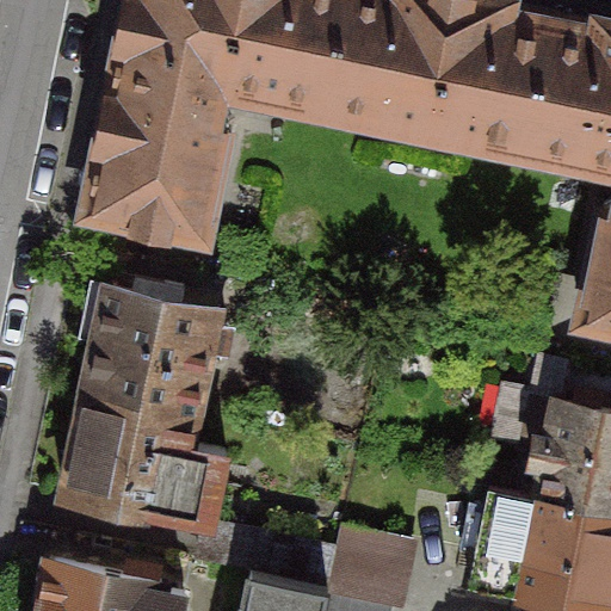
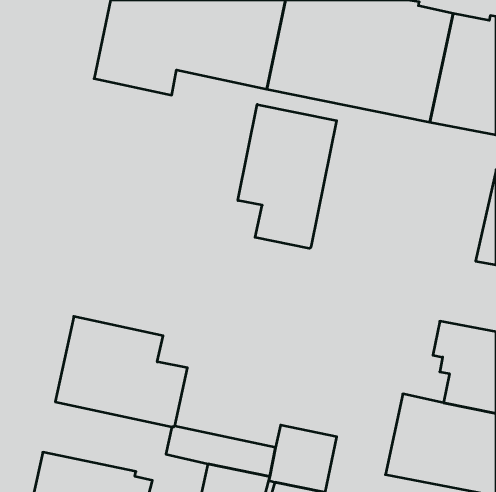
building: [85,101,229,241] -> none
building: none -> [238,104,337,248]
building: [91,292,234,418] -> none

